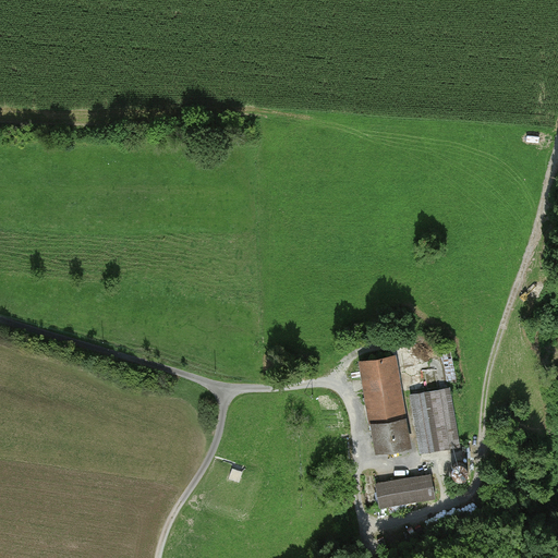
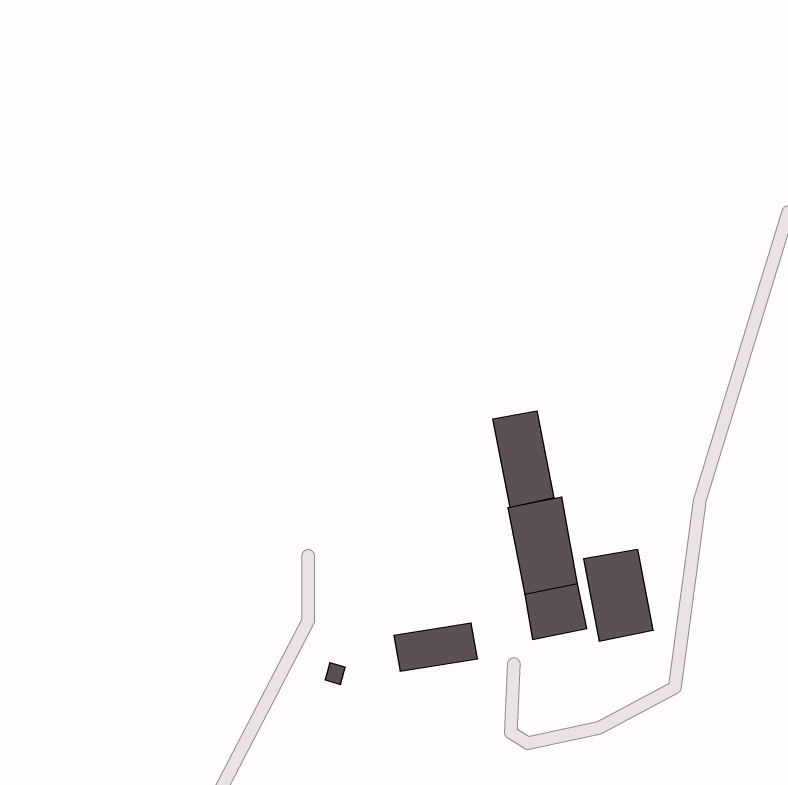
building: none -> [493,411,554,507]
building: [375,474,434,508] -> [394,623,478,671]

